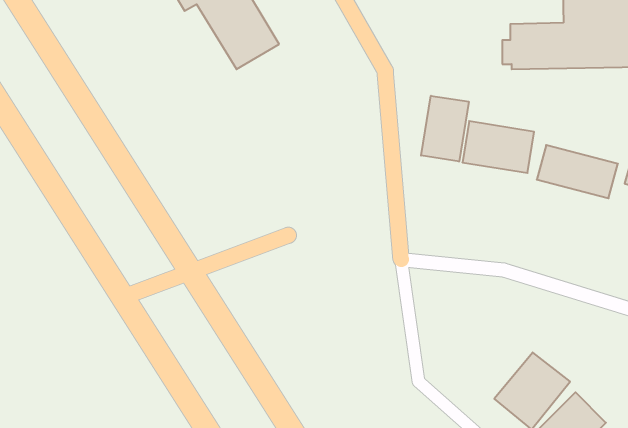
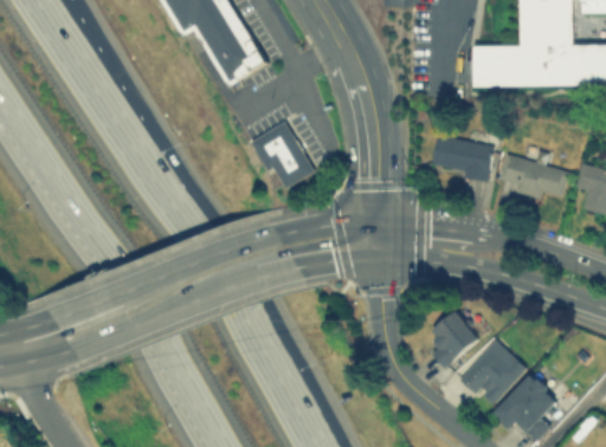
building: [421,96,469,162] -> none
building: none -> [251,122,315,188]
building: none -> [428,310,489,368]

